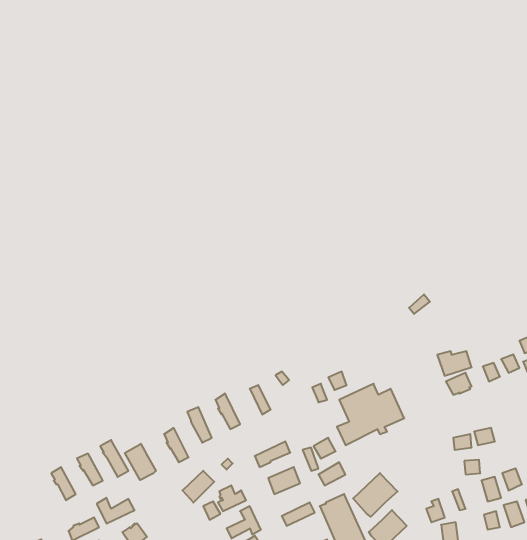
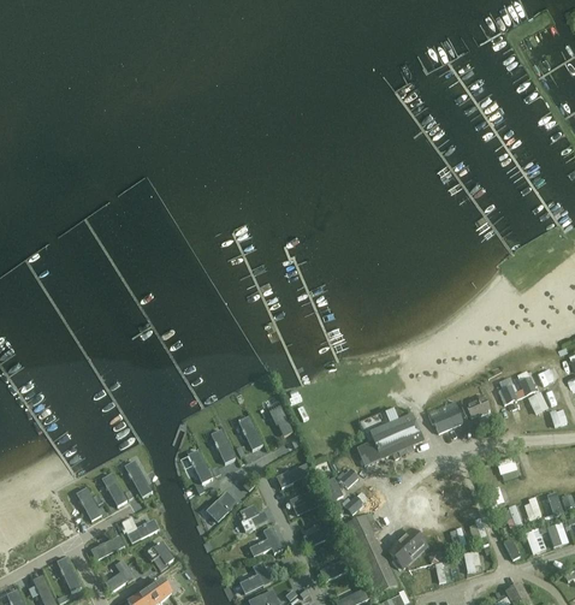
building: [437,351,472,376] -> [426,401,460,425]
building: [125,444,156,480] -> none
building: [353,473,398,517] -> none

